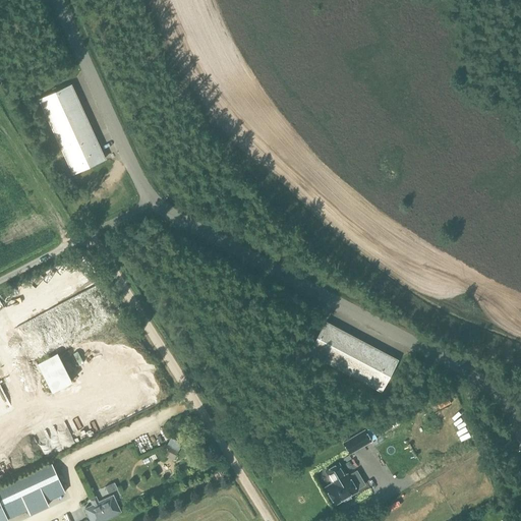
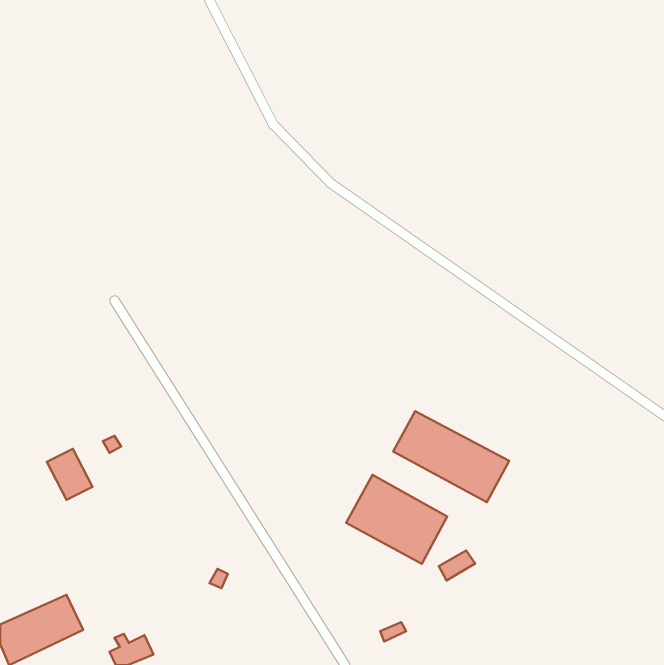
building: [40,84,106,174] -> none
building: none -> [346,475,447,564]
building: [327,463,365,504] -> none

